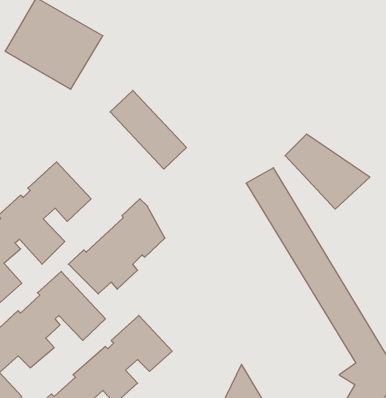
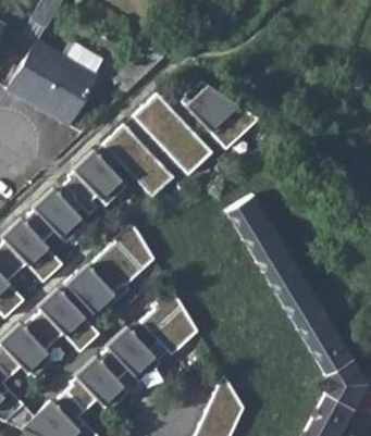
building: none -> [134,94,211,174]
building: none -> [63,152,126,213]
building: [285,134,370,209] -> [181,80,258,149]
building: none -> [140,291,196,353]

